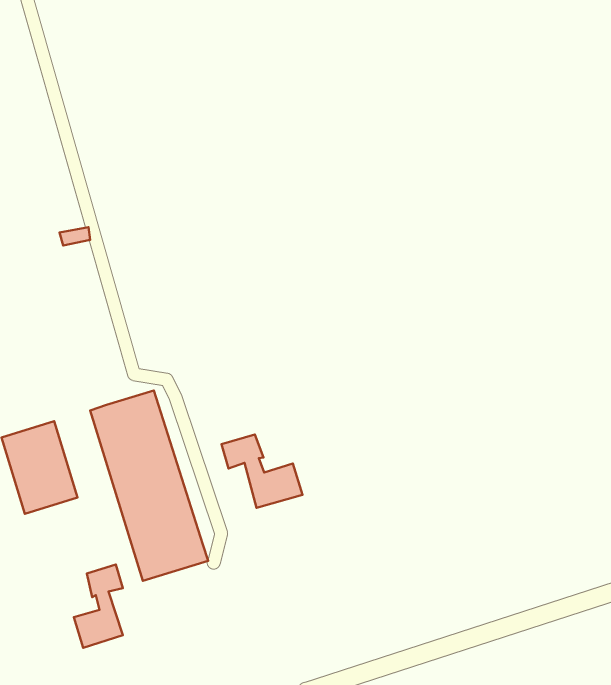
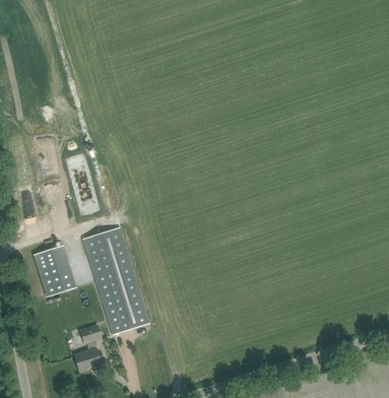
building: [221,435,302,508] -> none

